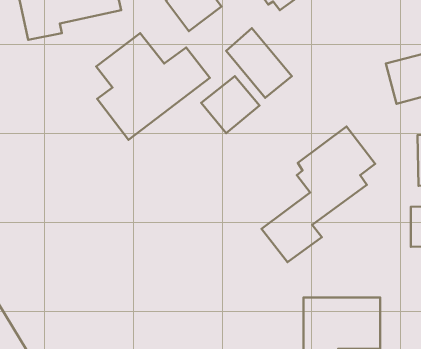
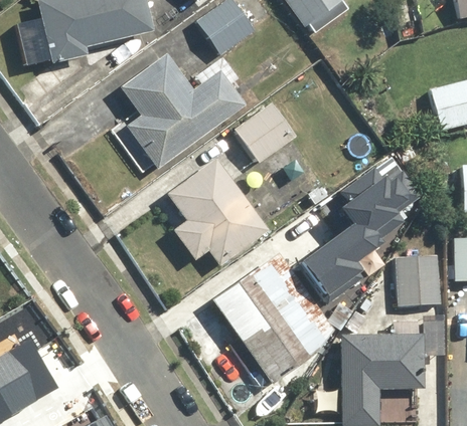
building: [226,28,292,98] -> none
building: none -> [170,162,268,263]
building: none -> [212,254,336,383]
building: none -> [400,258,439,304]

